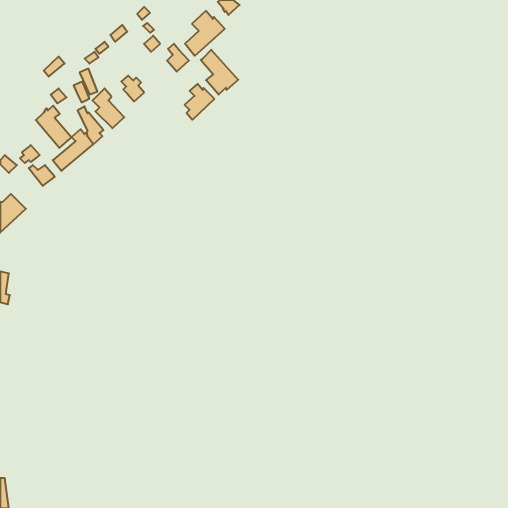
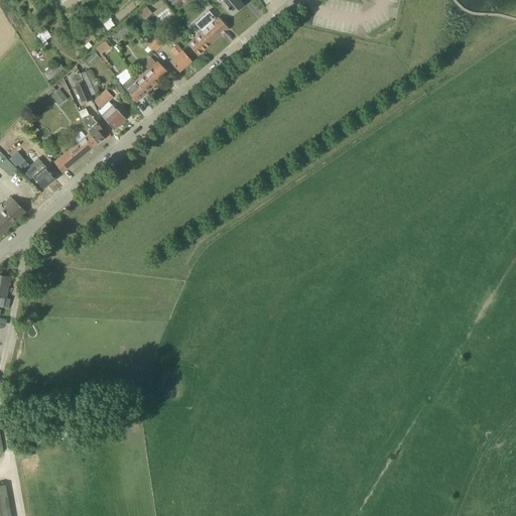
building: [201,50,238,95] -> none
building: [185,84,214,120] -> [138,57,168,94]
building: [36,106,72,148] -> none

